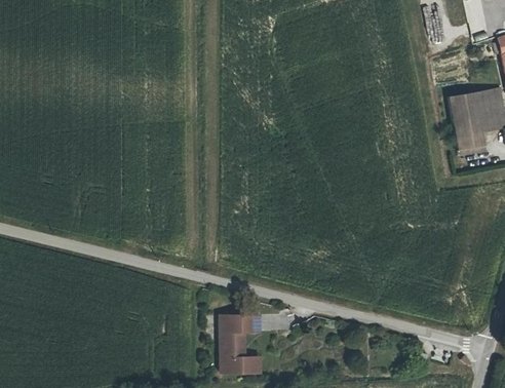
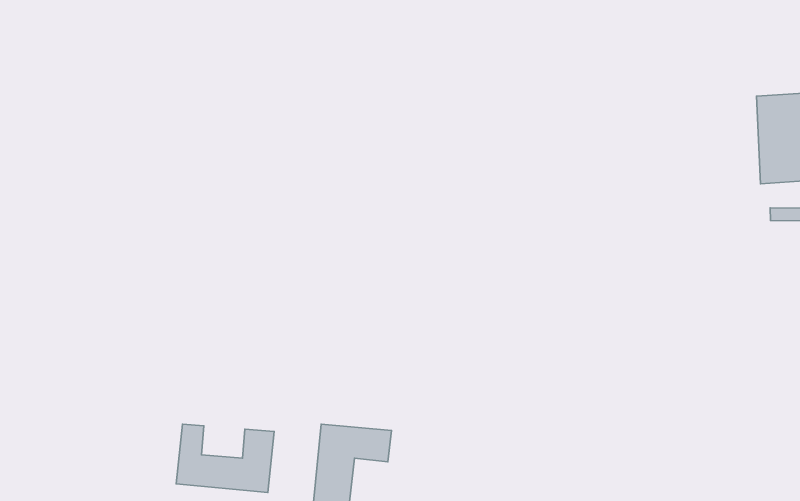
building: none -> [176,424,274,493]

